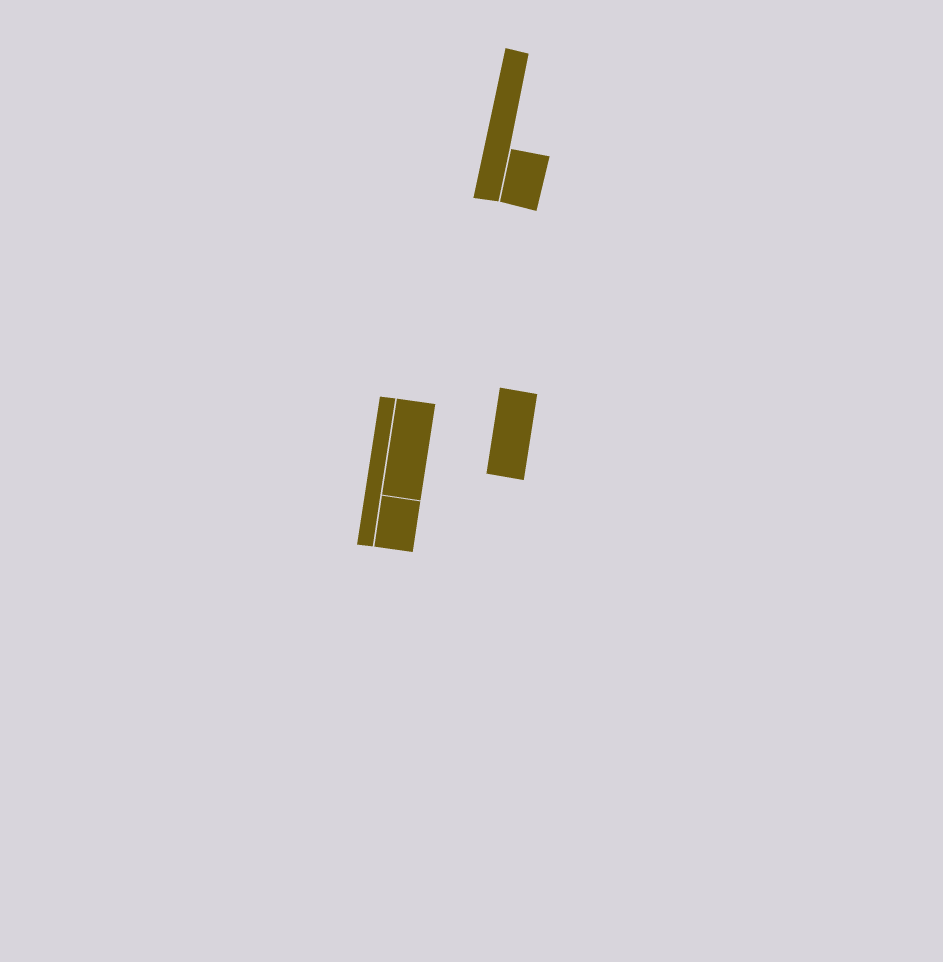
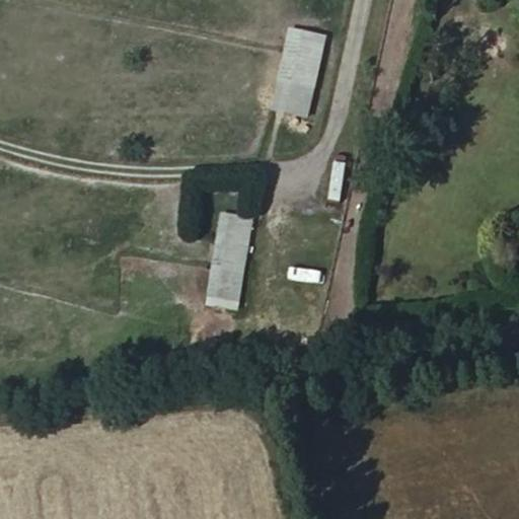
building: none -> [288,34,319,89]
building: [486,387,538,481] -> none

